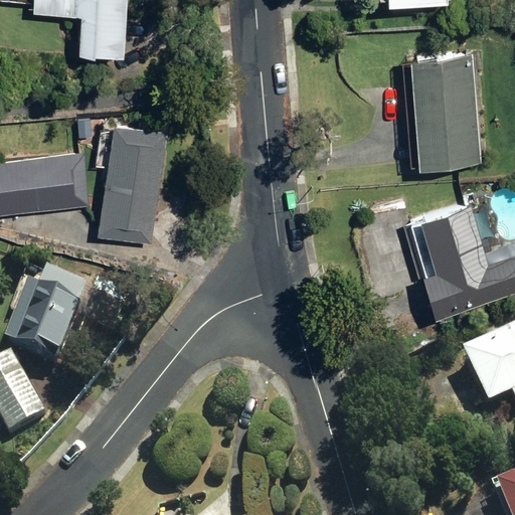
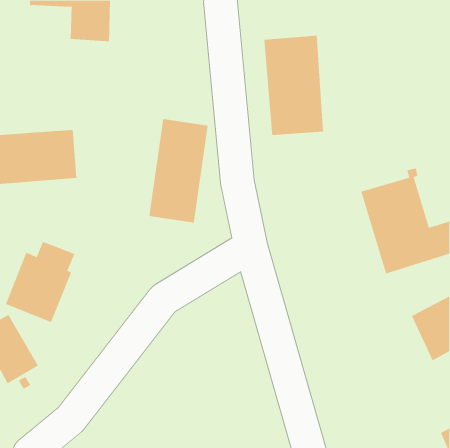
building: [411,53,480,167] -> [264,35,324,135]
building: [98,125,166,243] -> [148,118,209,223]

